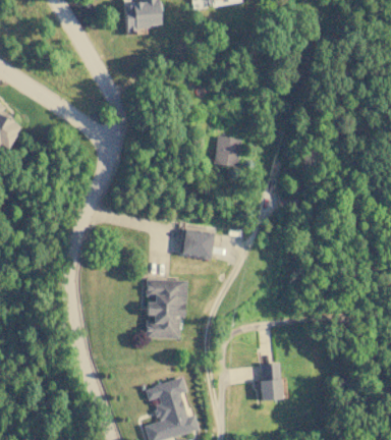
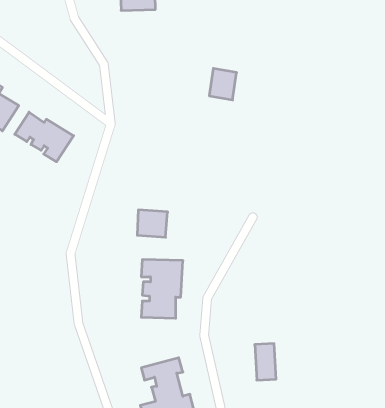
building: none -> [15,112,74,162]
building: [214,135,241,167] -> [209,68,237,100]
building: [183,230,214,258] -> [137,210,168,237]

